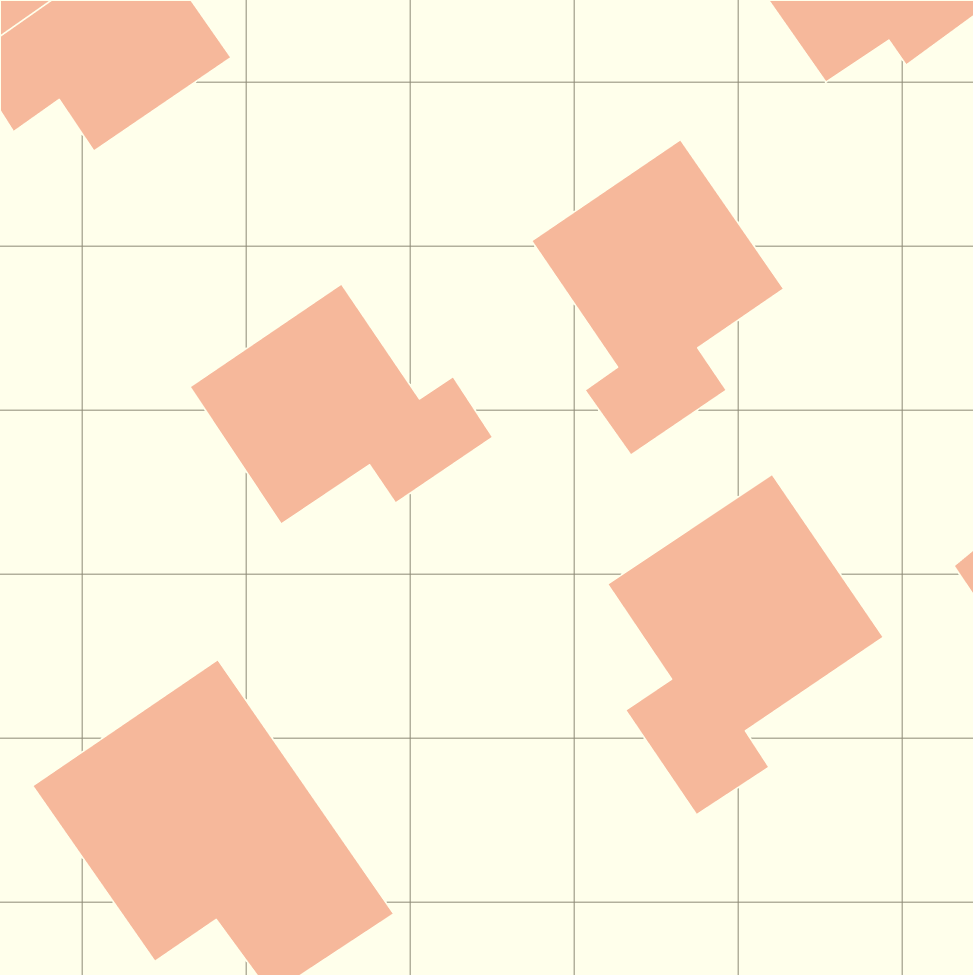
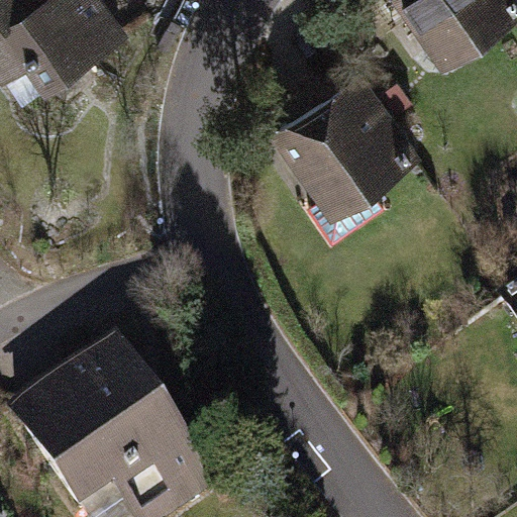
building: [190,284,493,524] -> none
building: [608,474,883,815] -> none

